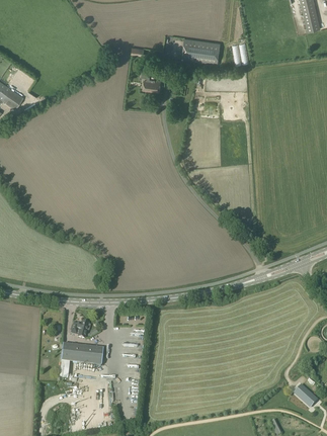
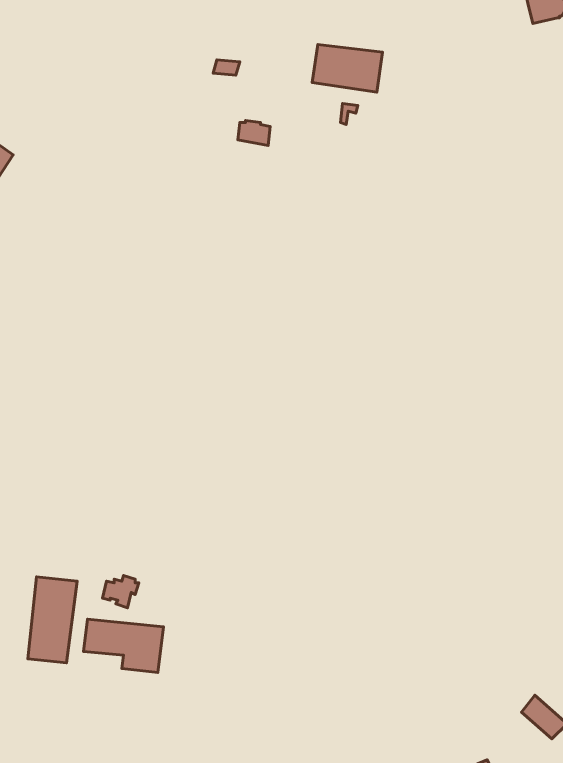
building: none -> [28,577,77,663]

